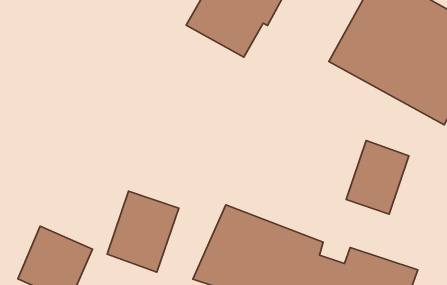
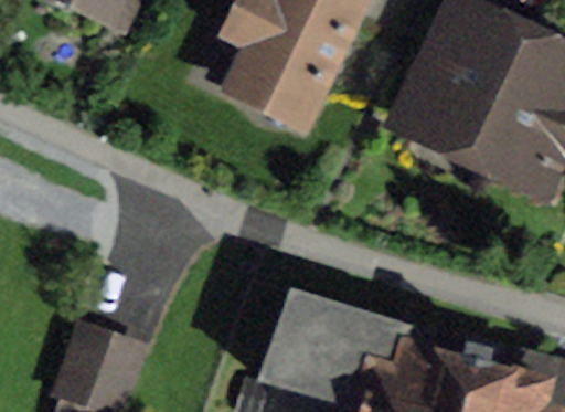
building: [346,140,409,214] -> none
building: [107,191,179,272] -> none

